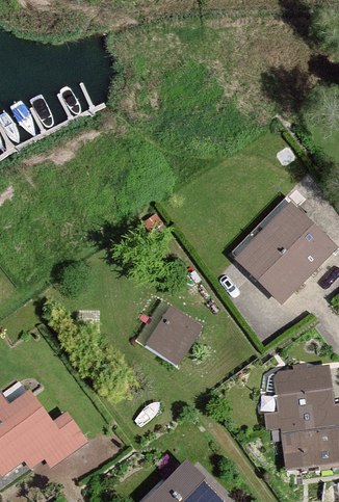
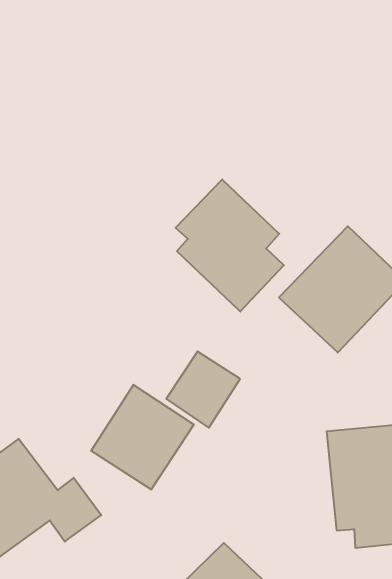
building: none -> [176,179,284,312]
building: none -> [91,385,194,490]

